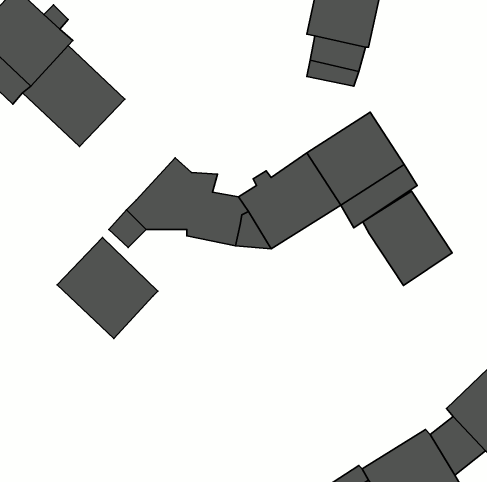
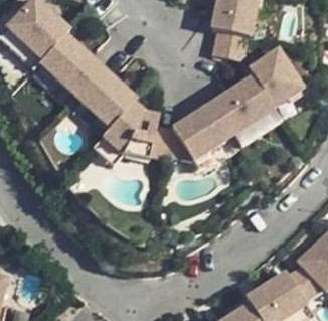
building: [363,191,452,285] -> [249,49,304,108]
building: [57,238,158,339] -> [72,67,135,130]

